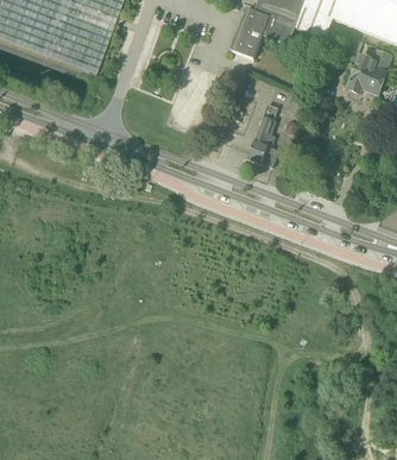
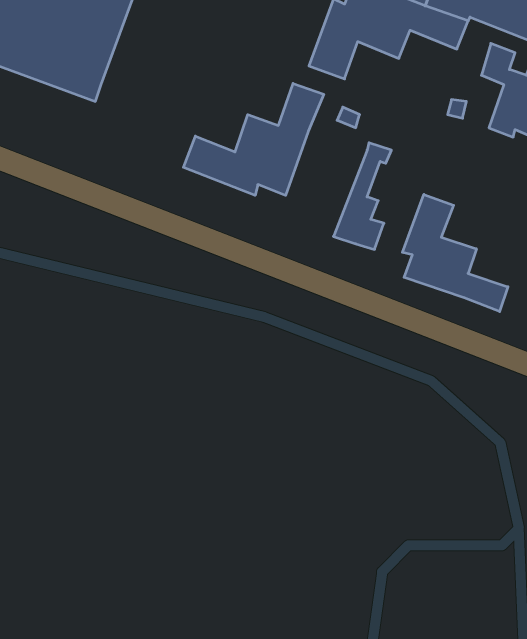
building: none -> [183,83,324,195]
building: none -> [402,194,508,312]

